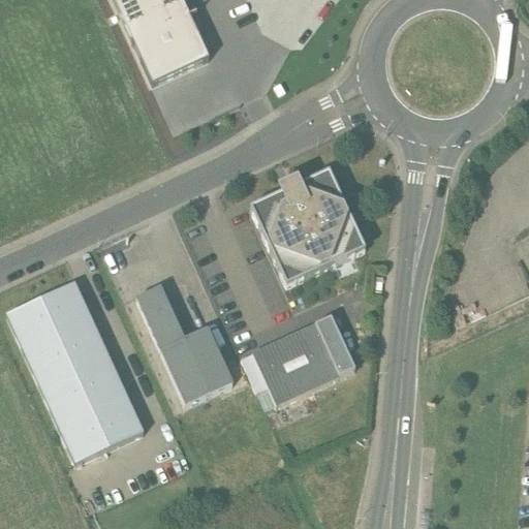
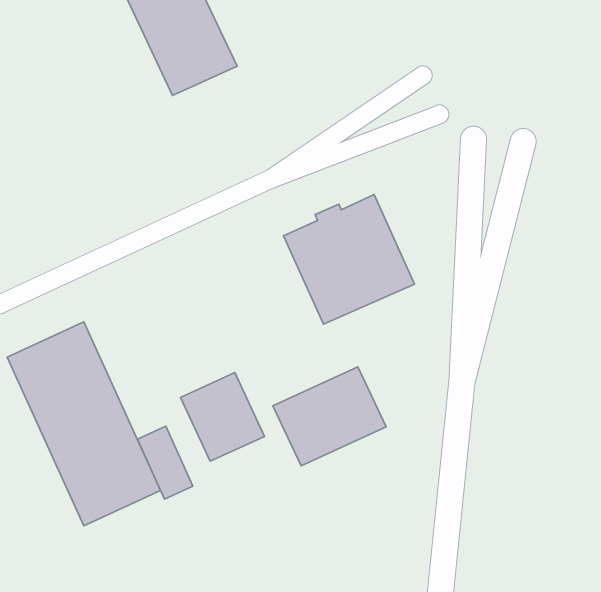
building: [136,284,185,348] -> [137,426,193,499]
building: [315,314,355,374] -> none

